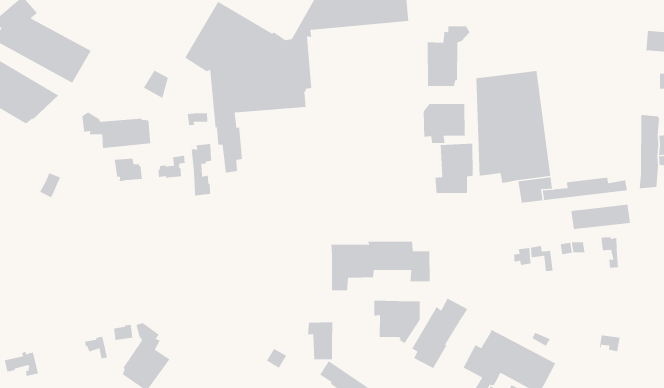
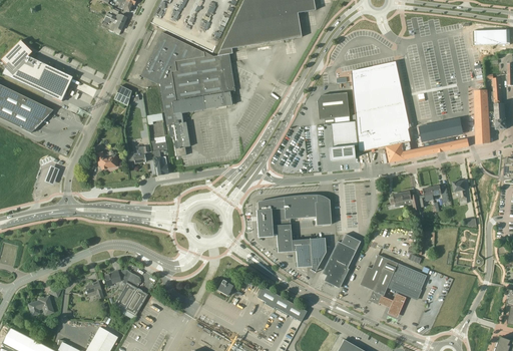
building: [427,26,471,87] -> none
building: [81,112,151,149] -> none
building: [571,204,631,230] -> [419,120,463,142]
building: [307,321,333,360] -> [273,224,293,253]

